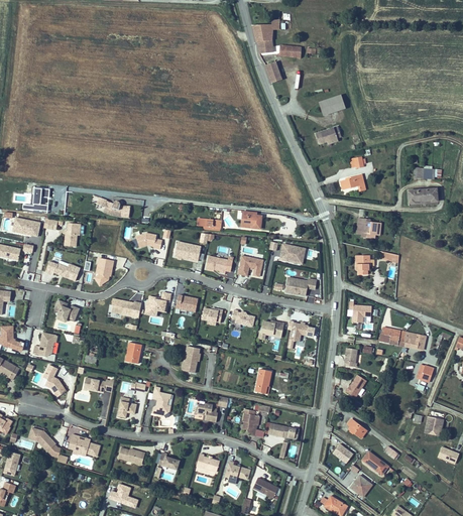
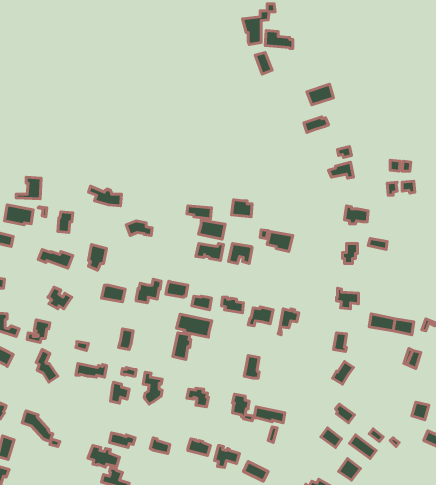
building: [173,242,201,261] -> [198,220,225,239]
building: [285,277,317,296] -> none
building: none -> [176,314,212,337]
building: [67,433,99,456] -> [88,445,120,467]

